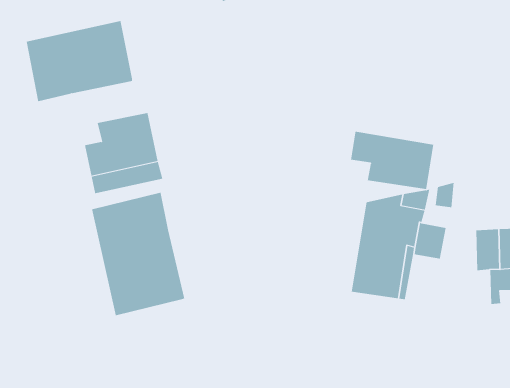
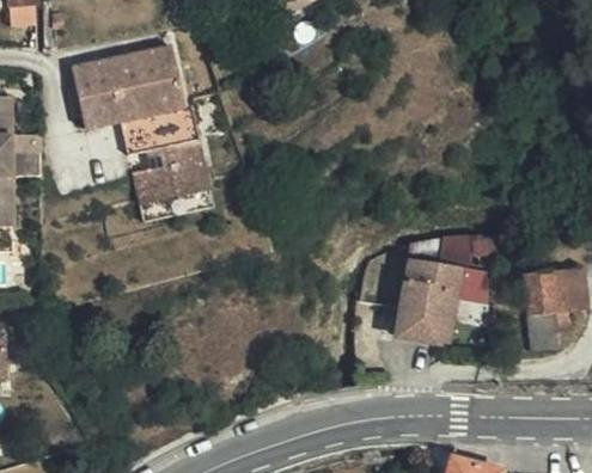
building: none -> [114,111,193,162]
building: [350,131,434,190] -> none
building: [92,192,185,316] -> none

